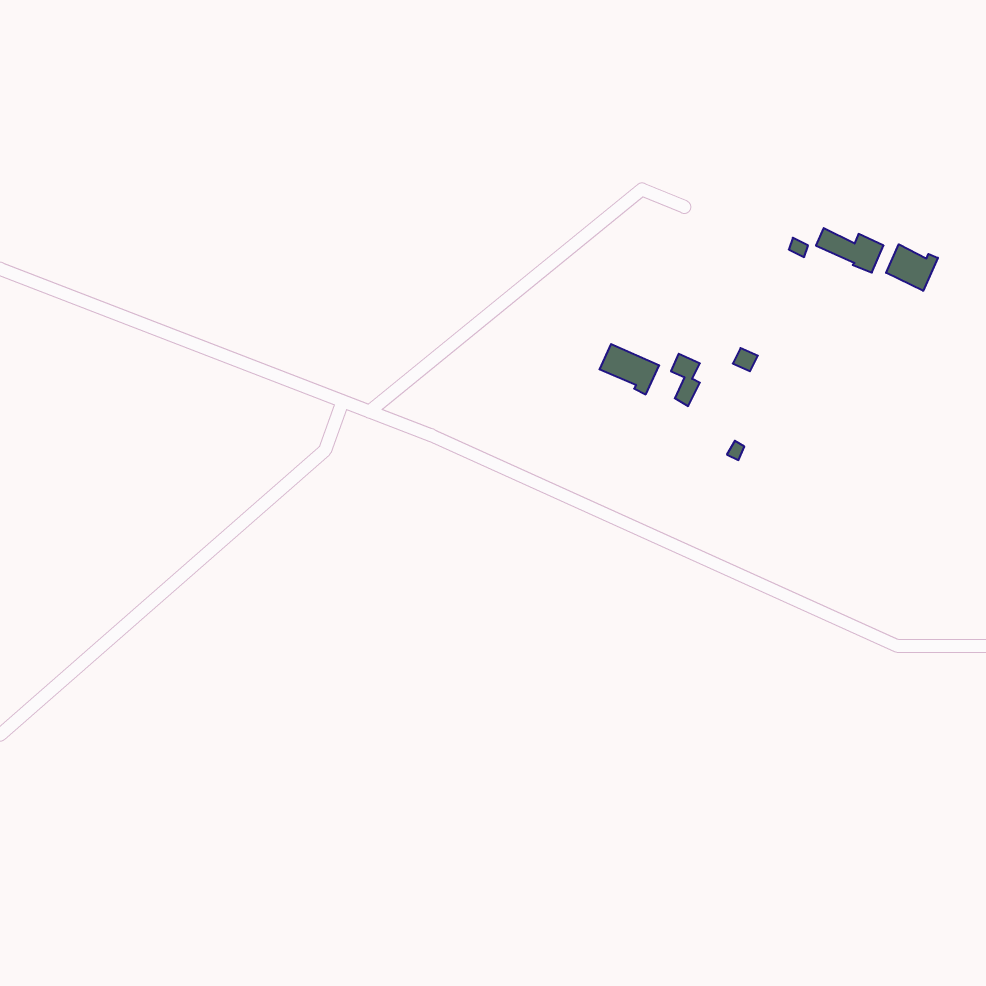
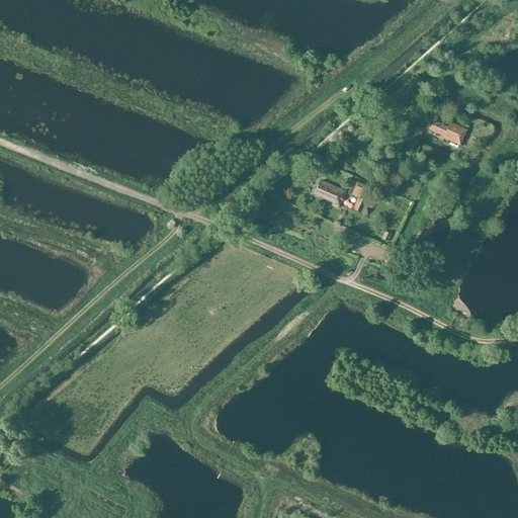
building: [886,244,938,291] -> none

